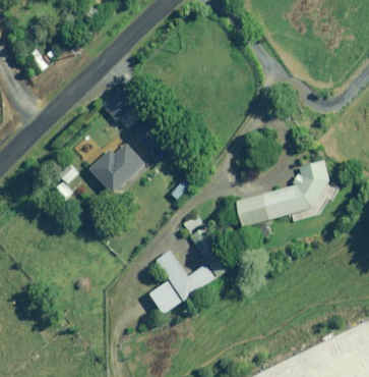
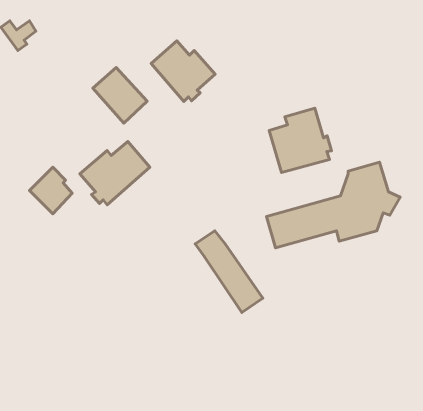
building: none -> [151,41,215,101]
building: none -> [269,108,331,173]
building: [148,251,213,314] -> none

